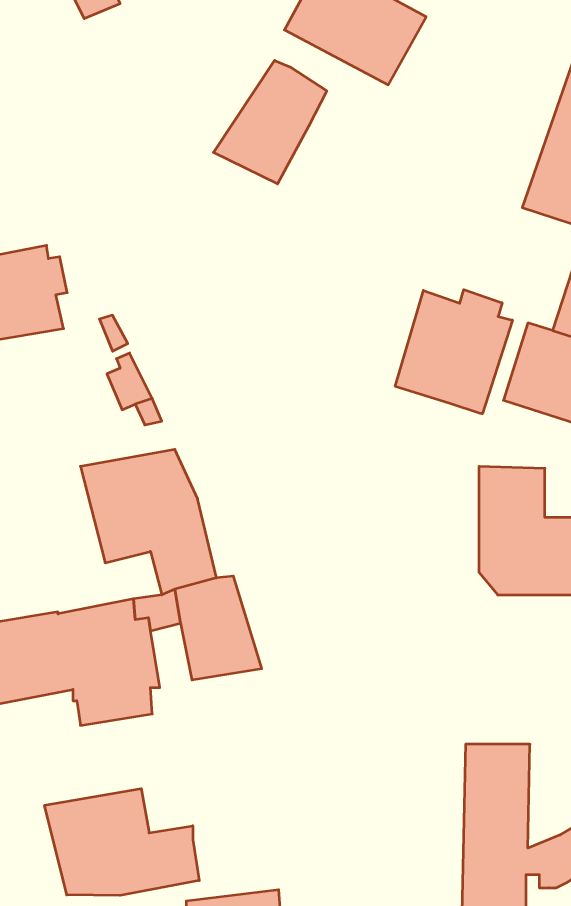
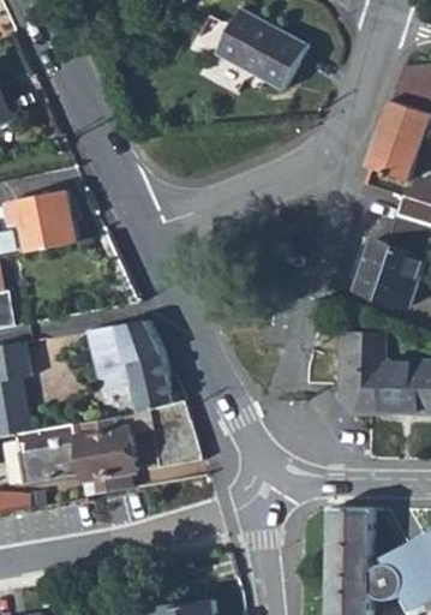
building: [213,60,327,184] -> none
building: [395,290,512,414] -> none
building: [45,789,199,895] -> none

